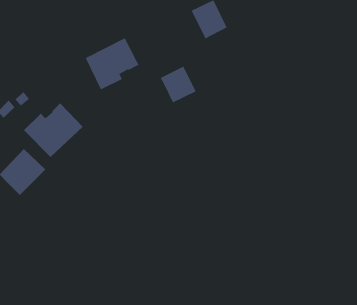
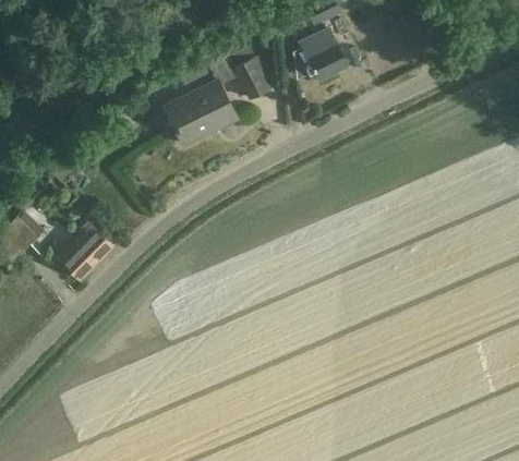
building: [160,66,196,103] -> [232,51,279,99]
building: [23,96,83,159] -> none

